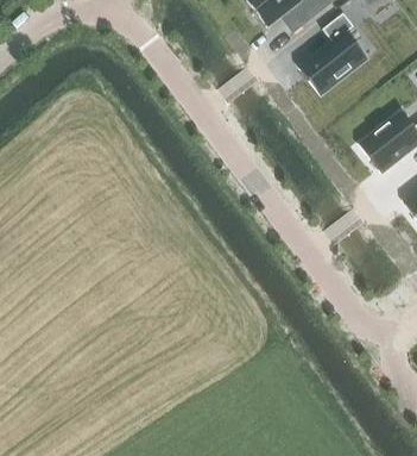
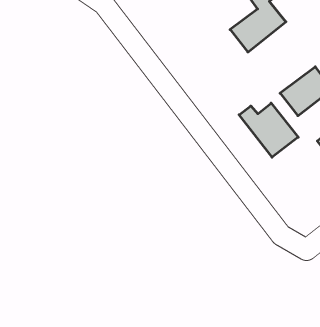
building: none -> [239,103,298,157]

